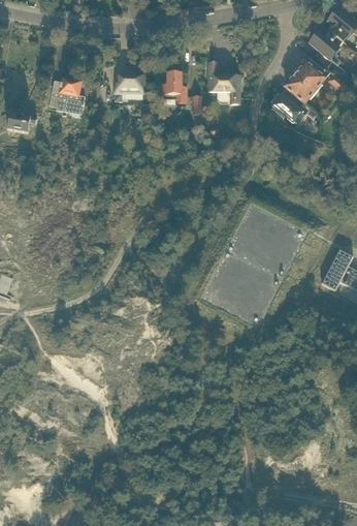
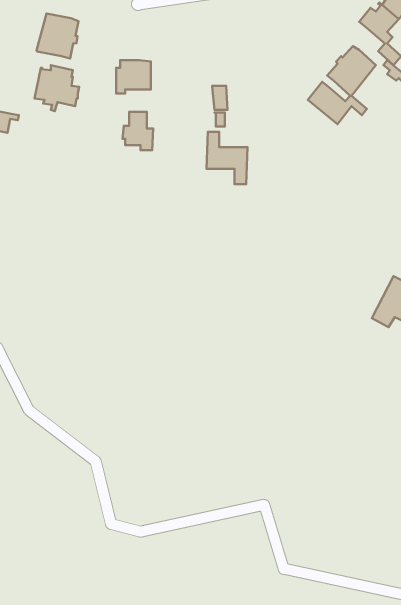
building: none -> [36,14,78,58]
building: [207,61,240,103] -> [206,132,247,184]
building: [162,72,187,103] -> [123,112,153,150]

